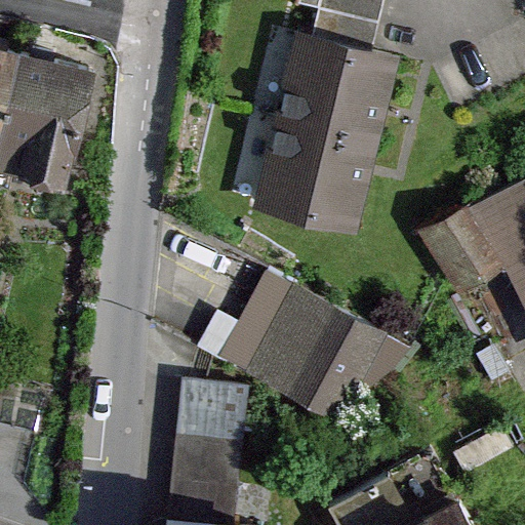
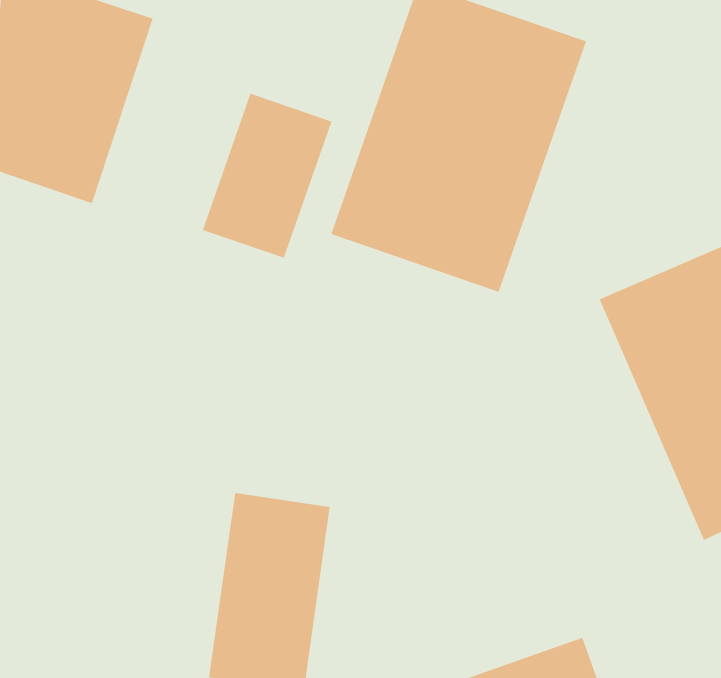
building: none -> [202,93,332,259]
building: [206,267,387,428] -> none

